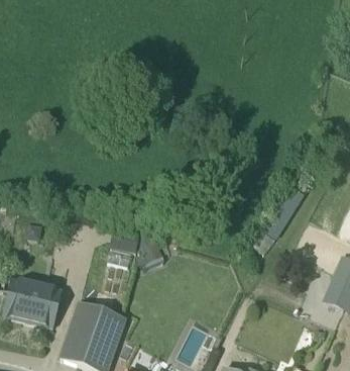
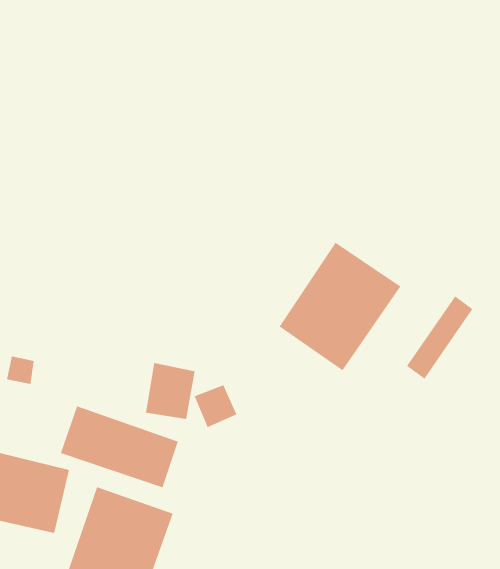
building: none -> [279,242,401,371]
building: none -> [60,406,179,488]

